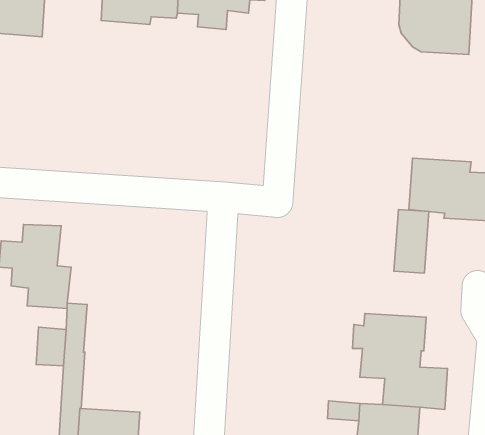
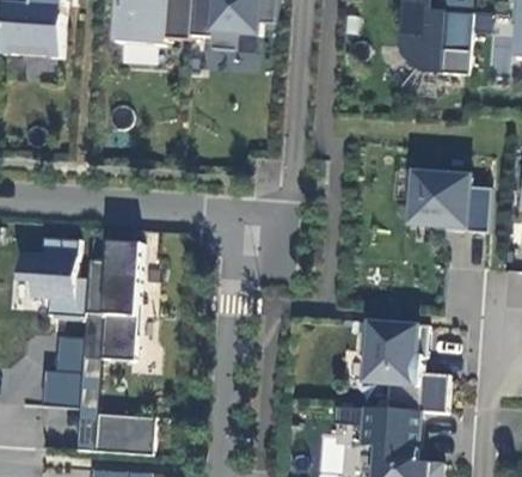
building: [394,209,429,273] -> none
building: none -> [84,240,140,360]
building: none -> [39,369,80,408]

